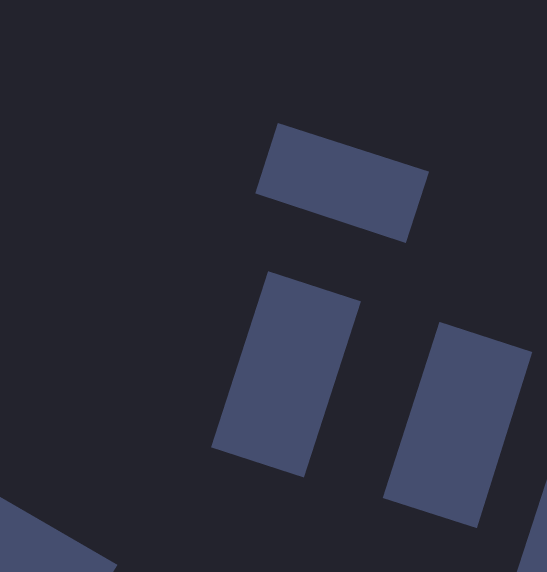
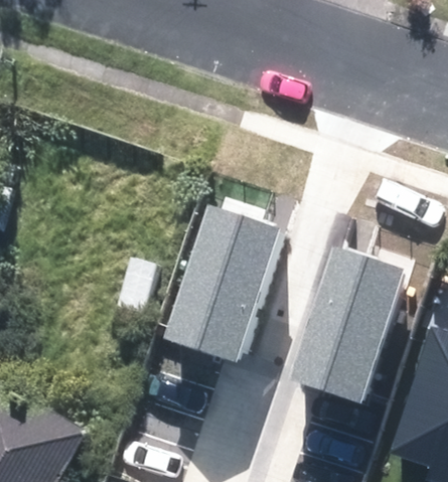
building: [254,122,430,244] -> none

